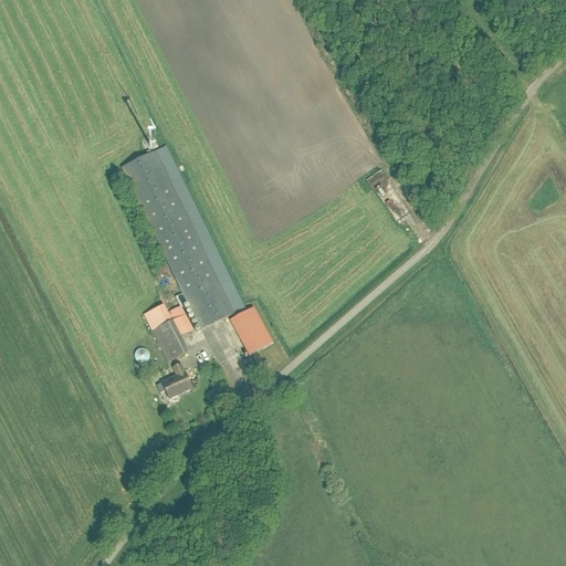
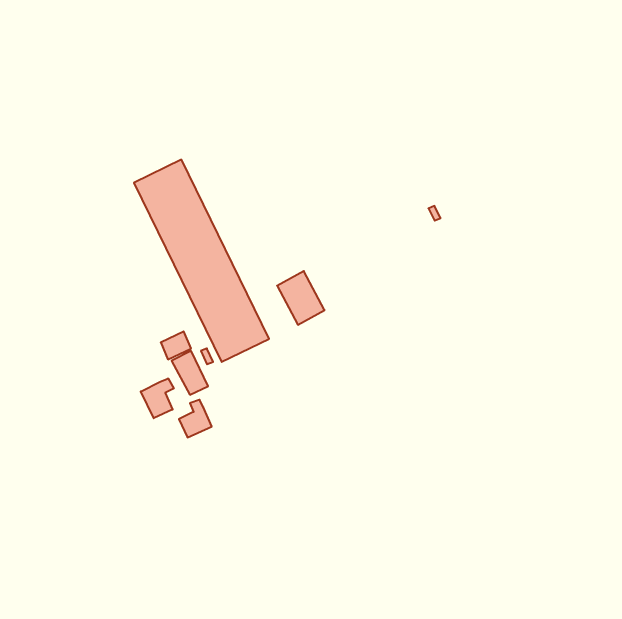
building: [230,305,273,354] -> [277,271,325,325]
building: none -> [141,378,174,418]

